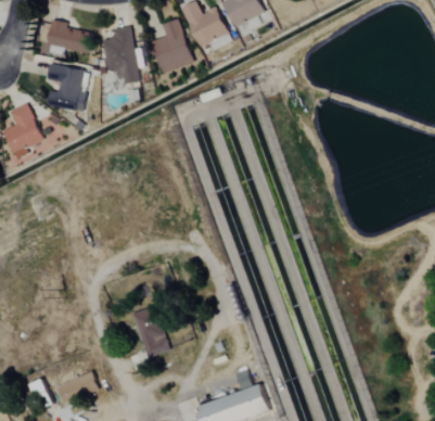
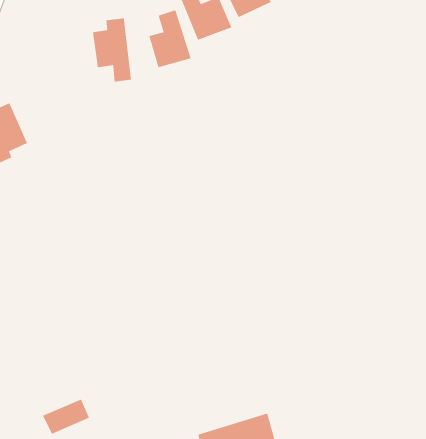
building: [47,23,92,52] -> none
building: [46,64,89,111] -> none
building: [131,306,168,358] -> none

